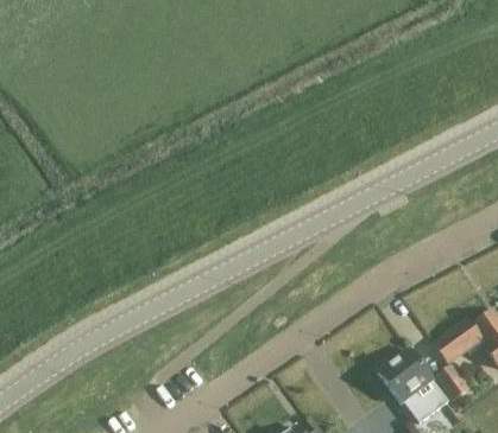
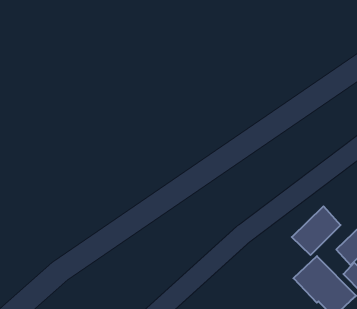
building: none -> [292,206,341,255]

